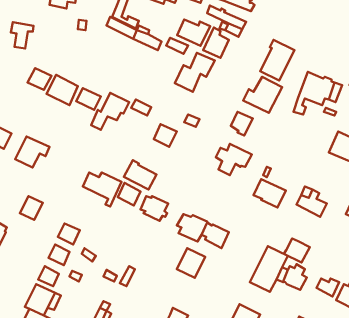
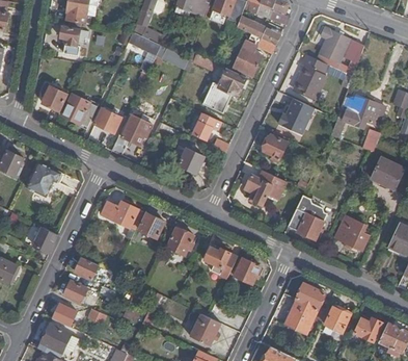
building: none -> [320,24,365,76]
building: [177,19,210,46] -> none
building: [11,22,34,49] -> [59,25,84,54]
building: none -> [192,112,220,139]
building: [124,160,156,190] -> none
building: [284,238,310,263] -> none
building: [177,248,205,278] -> [190,313,221,345]

